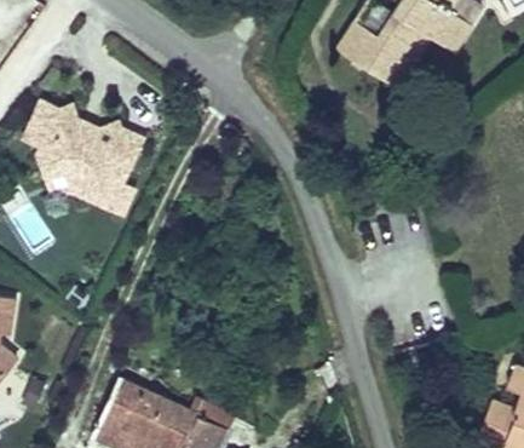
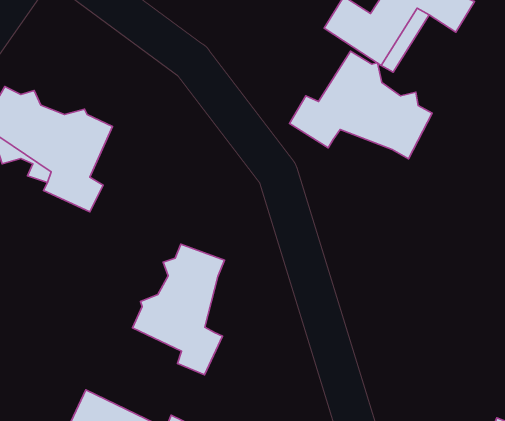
building: none -> [290,51,432,159]
building: none -> [133,244,225,375]

